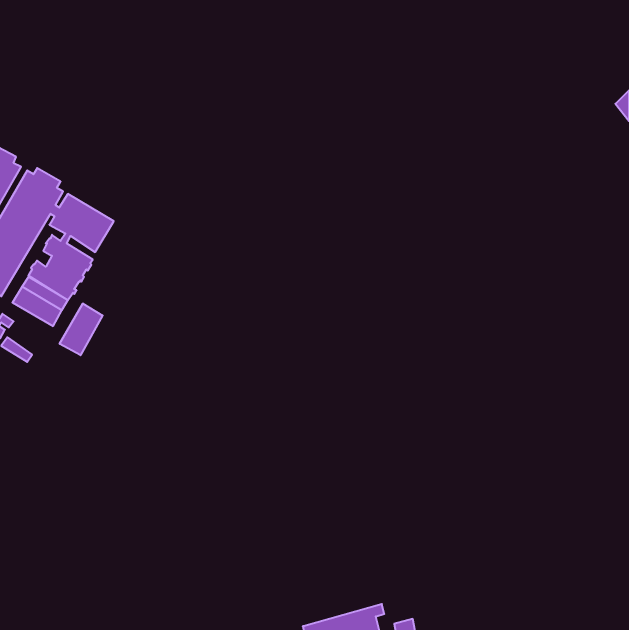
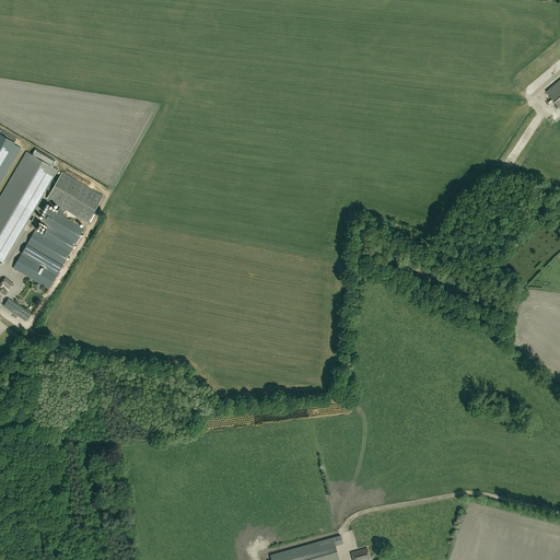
building: [60,303,103,355] -> none

